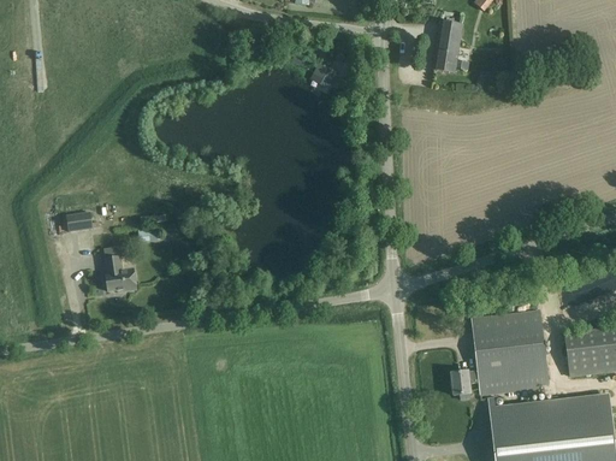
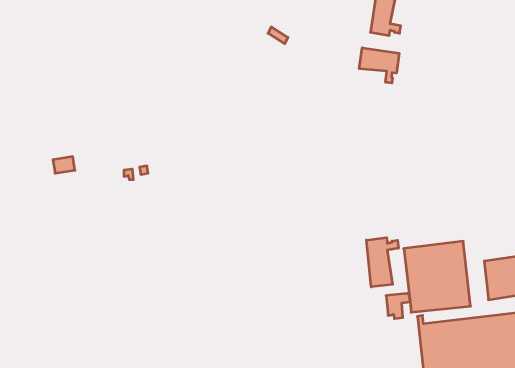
building: none -> [359,48,399,83]
building: [105,256,137,291] -> none
building: none -> [366,238,398,287]

